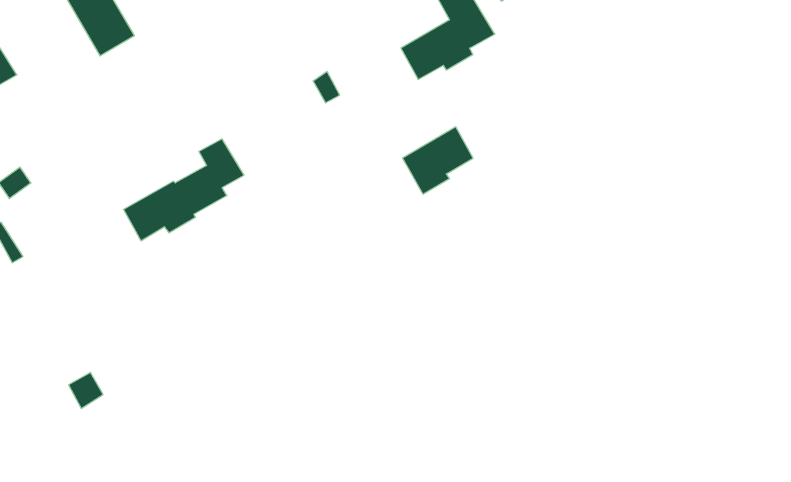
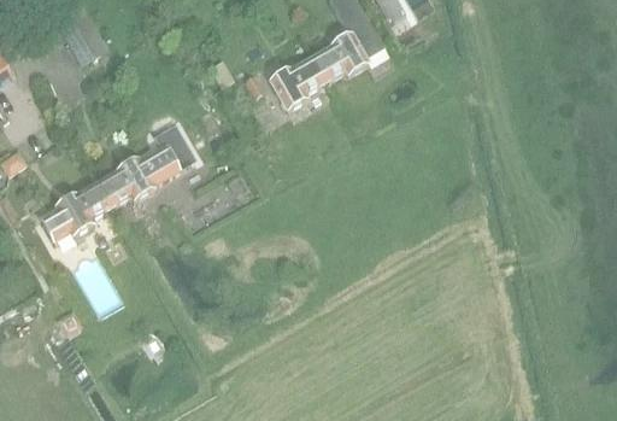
building: [403,127,473,194] -> [271,57,325,109]
building: none -> [42,181,112,241]

